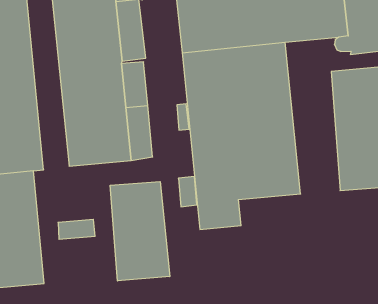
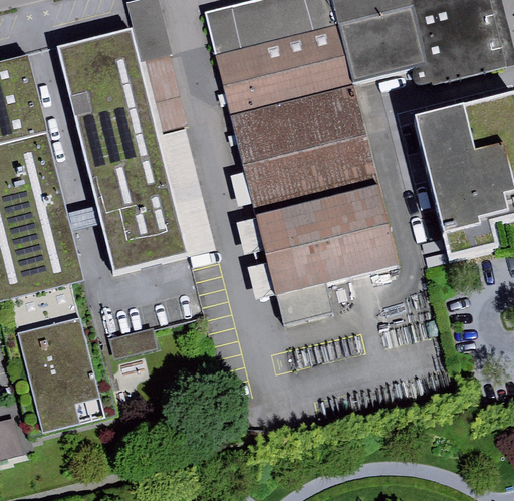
building: [110,182,170,281] -> none

